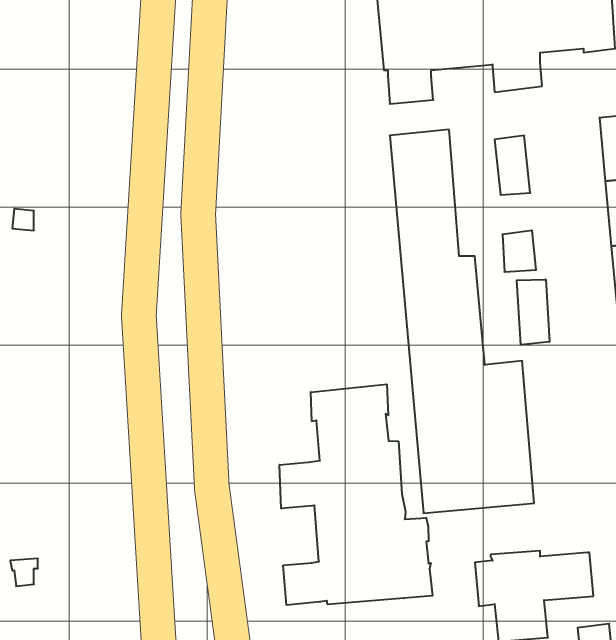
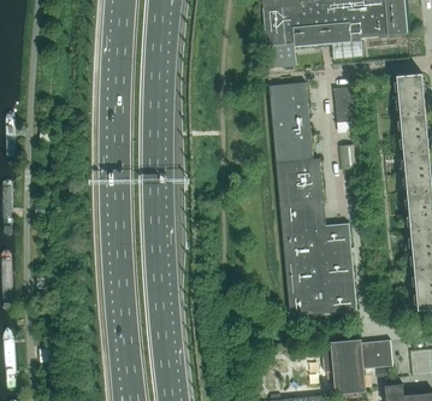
building: [517,279,549,345] -> none
building: [280,384,433,605] -> none

